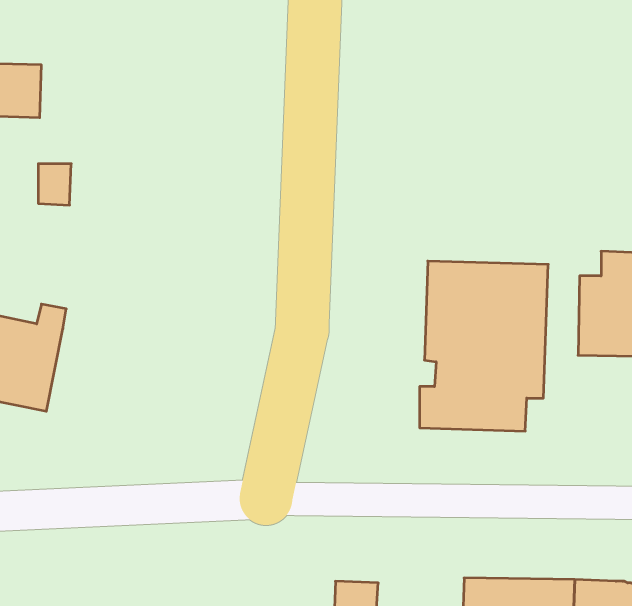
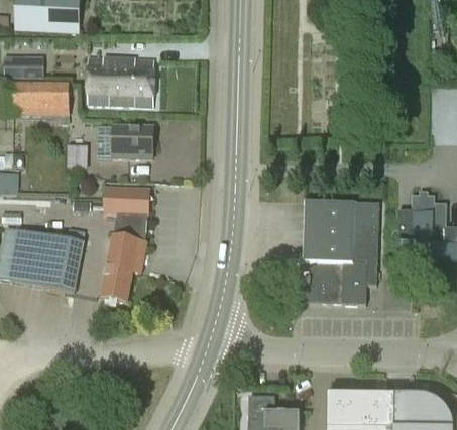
building: none -> [87,56,153,106]
building: none -> [96,125,153,158]
building: none -> [101,187,150,302]

